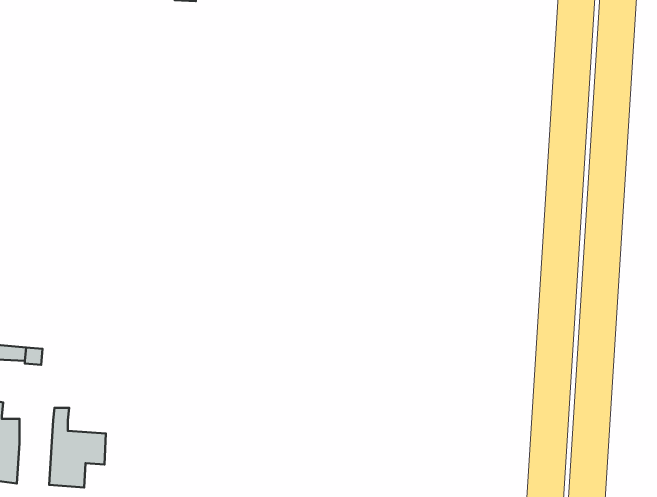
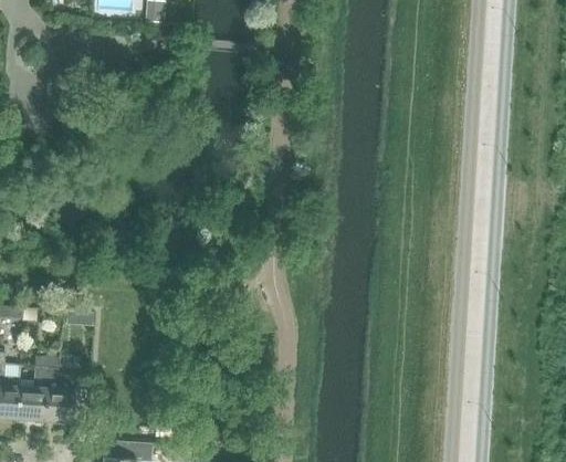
building: none -> [18,356,49,420]

